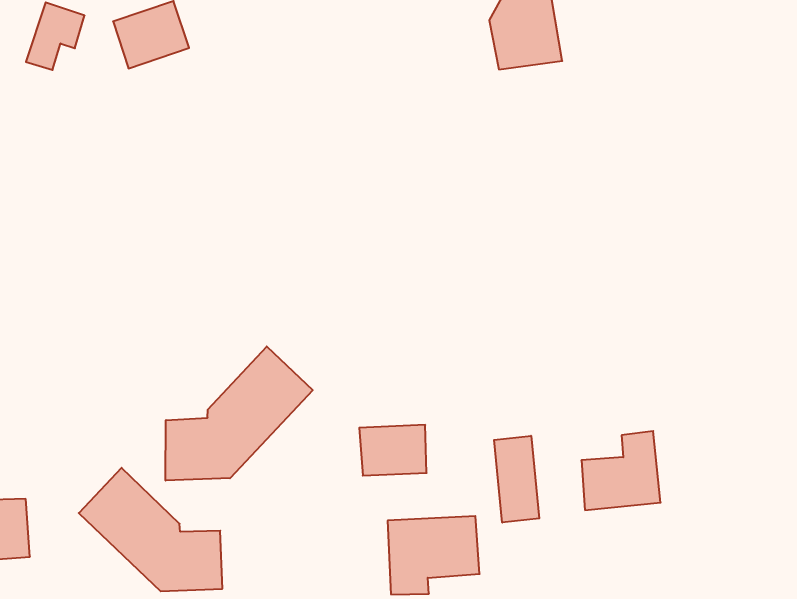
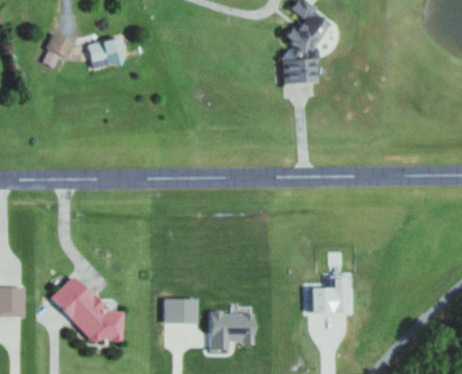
building: [166,346,313,481] -> none
building: [359,425,427,476] -> [163,298,197,323]
building: [494,436,539,523] -> none

